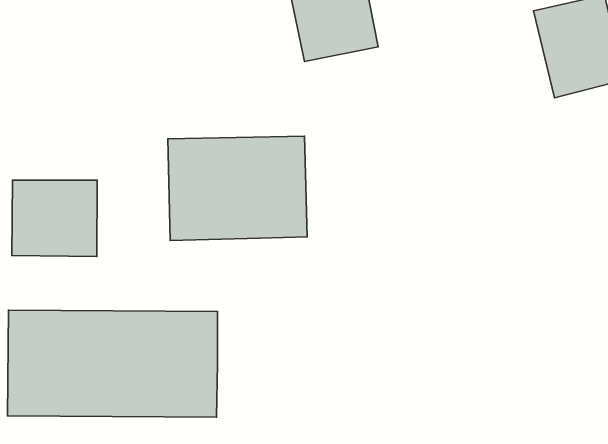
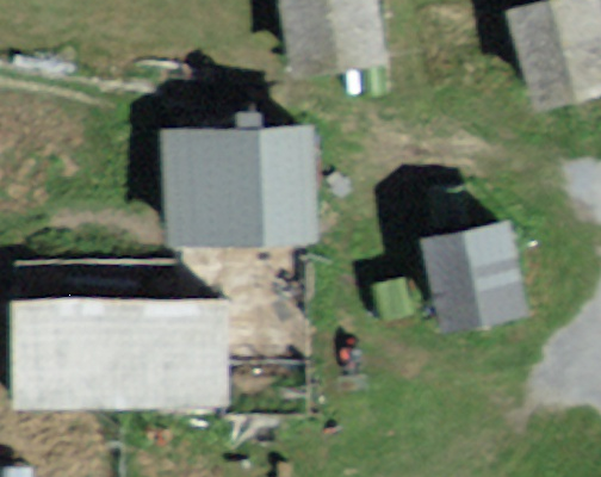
building: [12,180,97,257] -> none
building: none -> [434,233,515,316]

